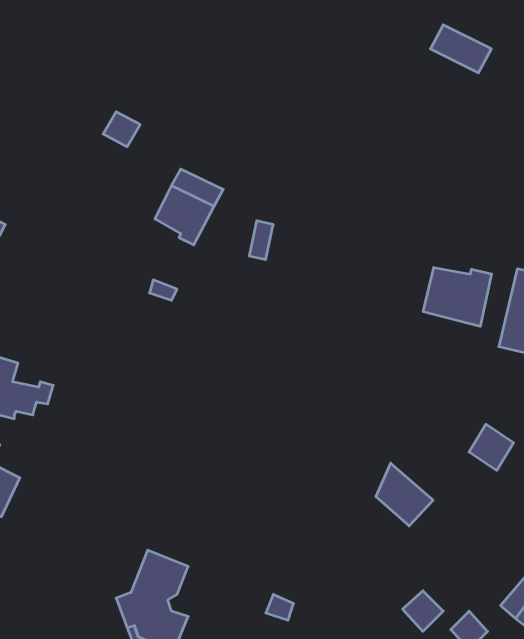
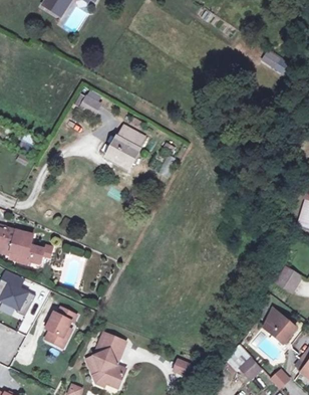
building: [423,267,492,326] -> none
building: [376,463,433,526] -> [267,308,298,342]
building: none -> [47,309,78,349]

